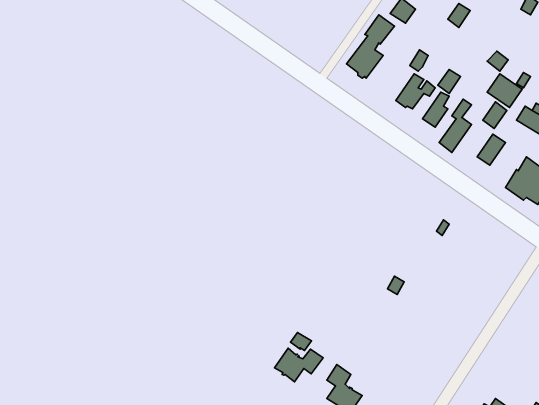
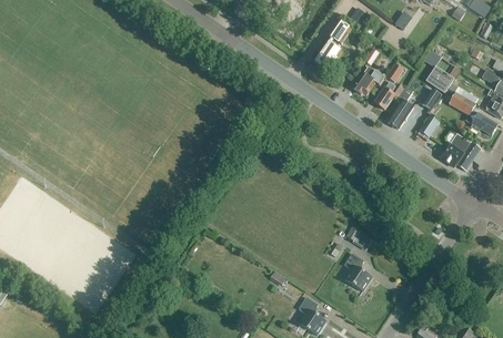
building: none -> [344,253,372,290]
building: [274,348,323,382] -> none

